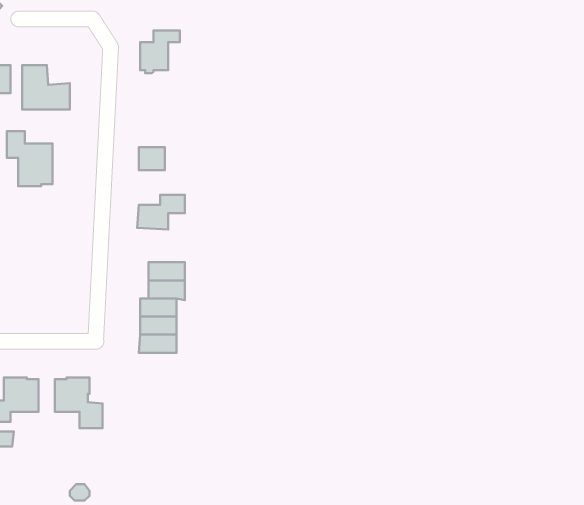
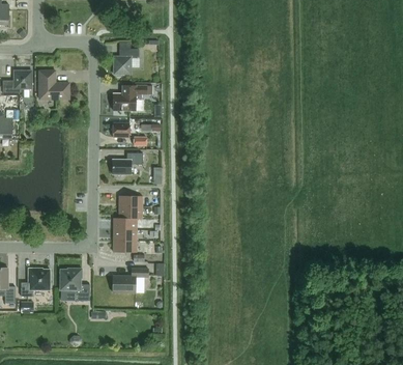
building: none -> [113,85,153,110]
building: [7,131,53,186] -> none
building: none -> [113,268,148,292]

